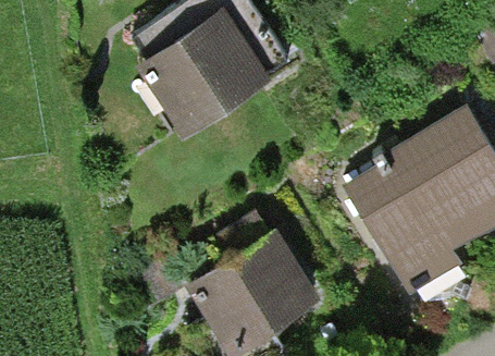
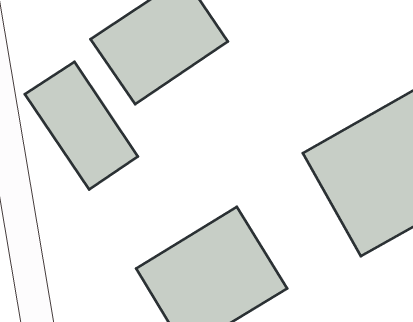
building: none -> [25,62,138,189]

